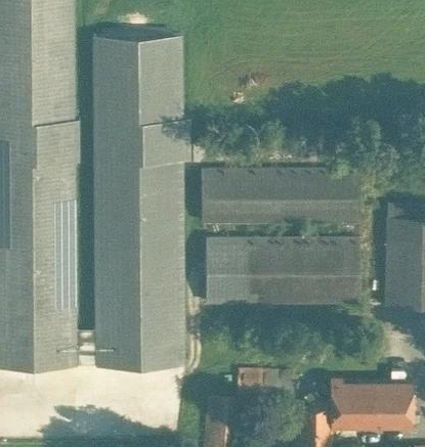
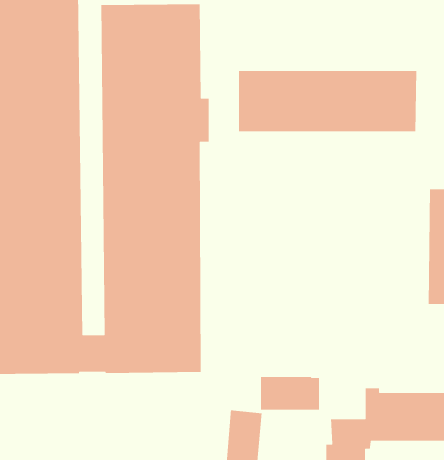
building: [199,169,358,224] -> [238,70,417,132]
building: [204,239,357,305] -> none

